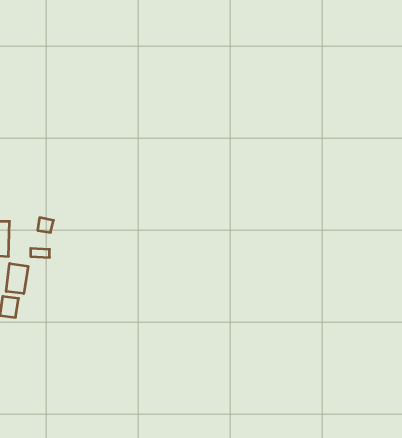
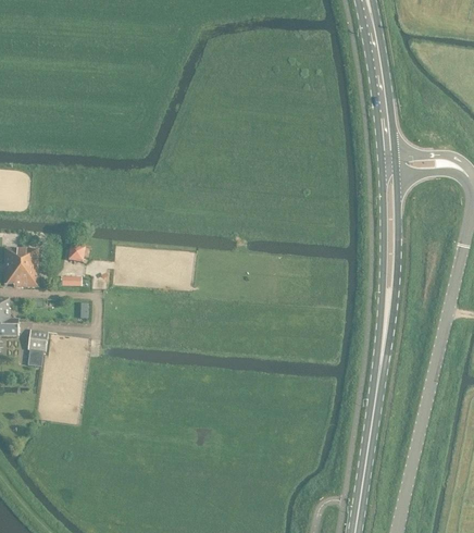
building: [6,263,28,294] -> none

